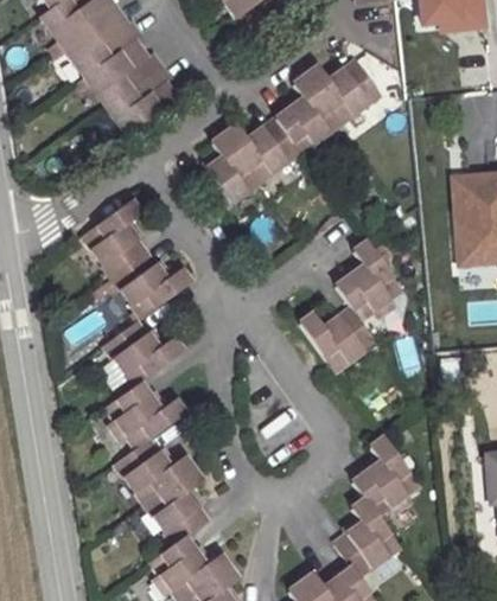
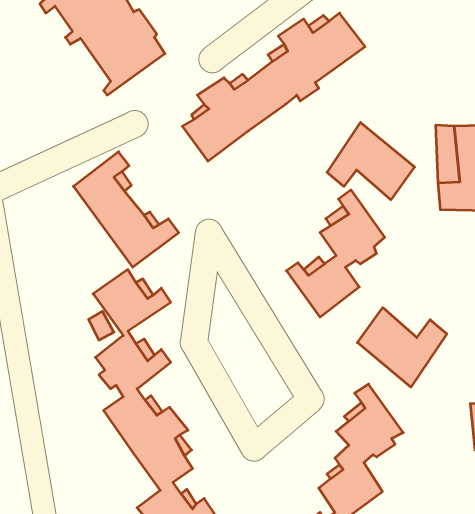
building: none -> [327,122,415,200]
building: none -> [357,308,447,387]

